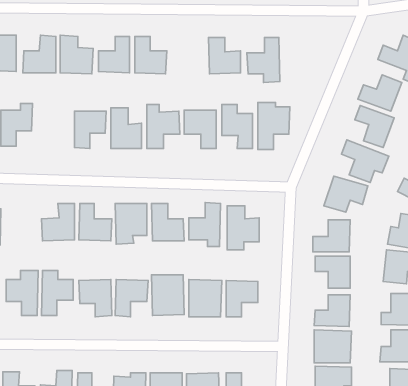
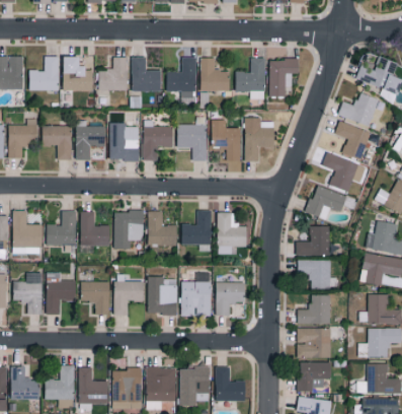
building: none -> [167,58,196,98]
building: none -> [269,60,299,97]
building: none -> [43,126,72,160]
building: none -> [13,211,44,253]

